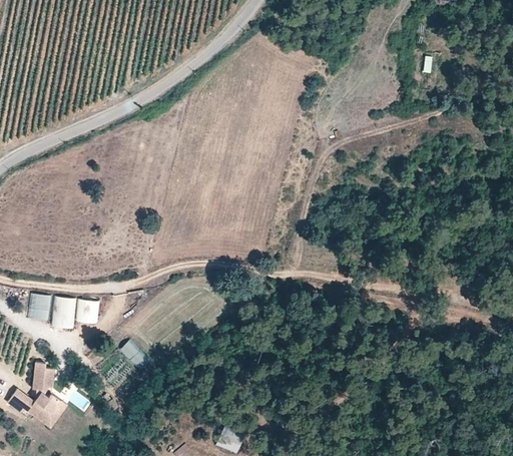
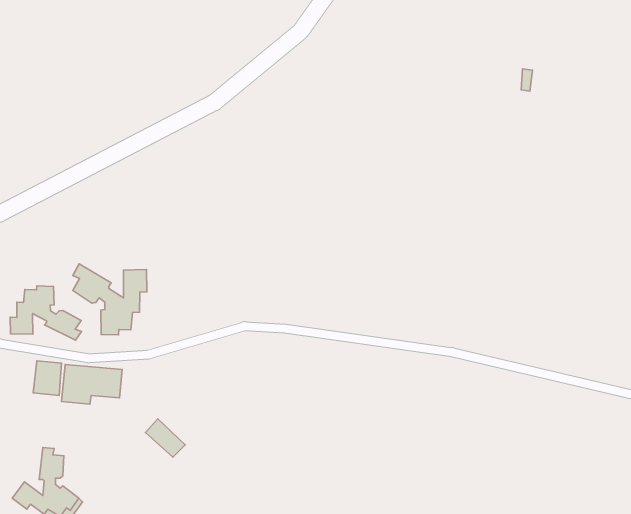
building: none -> [73,264,147,335]
building: none -> [10,286,81,340]

